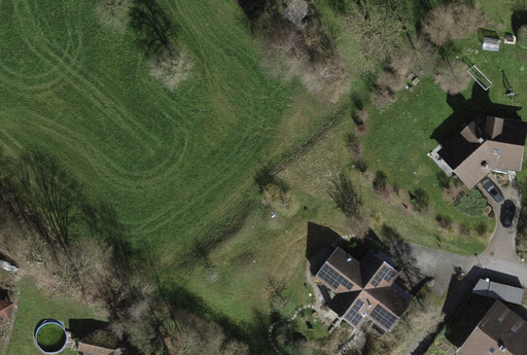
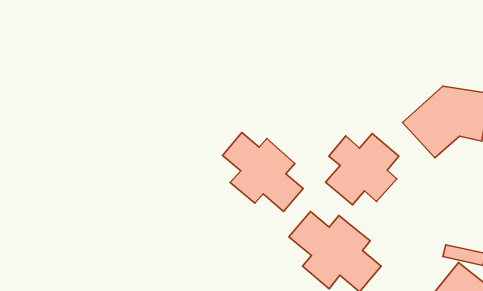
building: none -> [222,132,303,211]
building: none -> [326,133,399,205]

